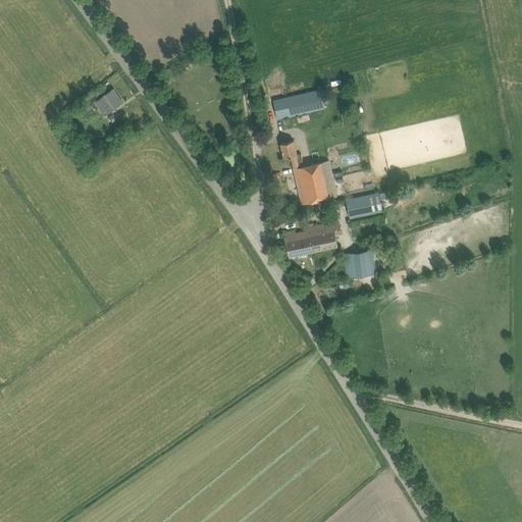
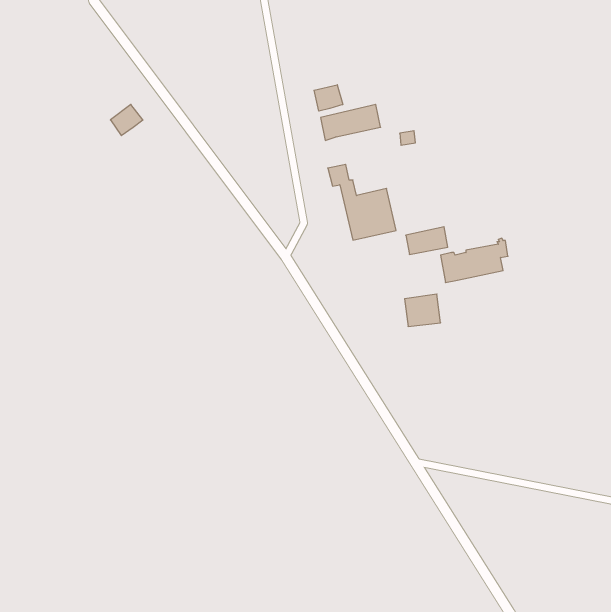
building: none -> [314,85,343,111]
building: [282,219,340,257] -> [441,238,508,283]

